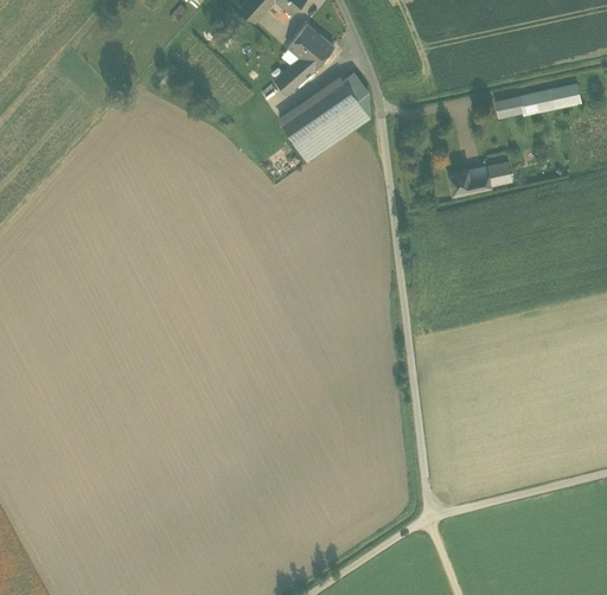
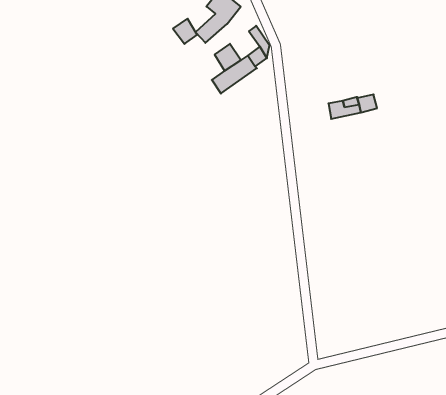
building: [318,77,357,115] -> none
building: [493,82,579,115] -> none
building: [279,108,311,141] -> [173,19,197,44]

